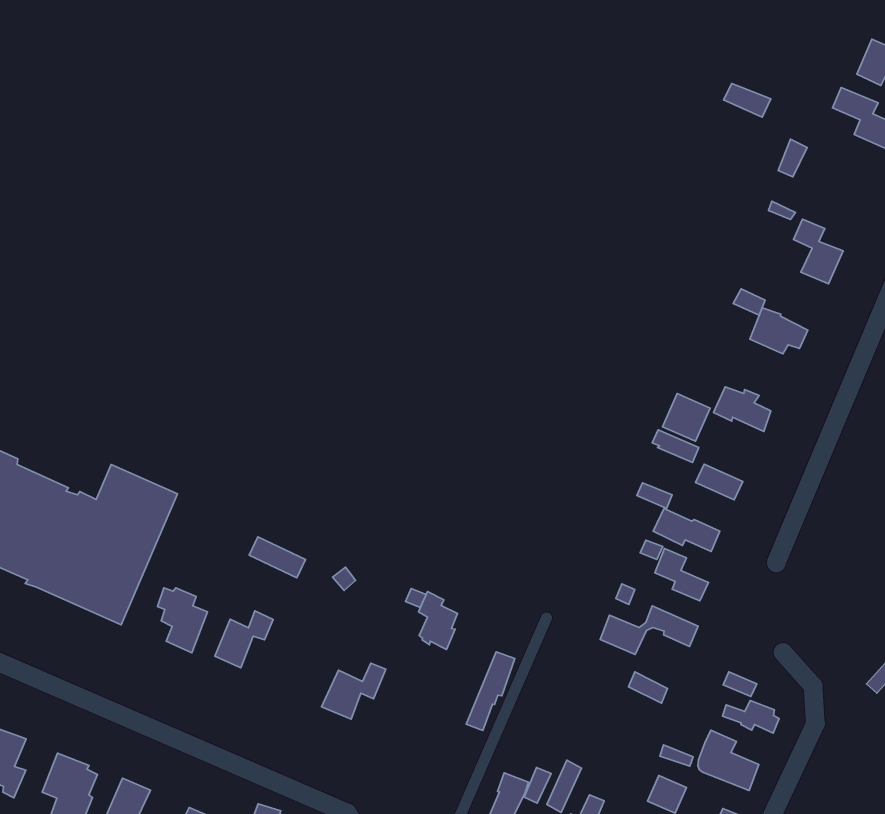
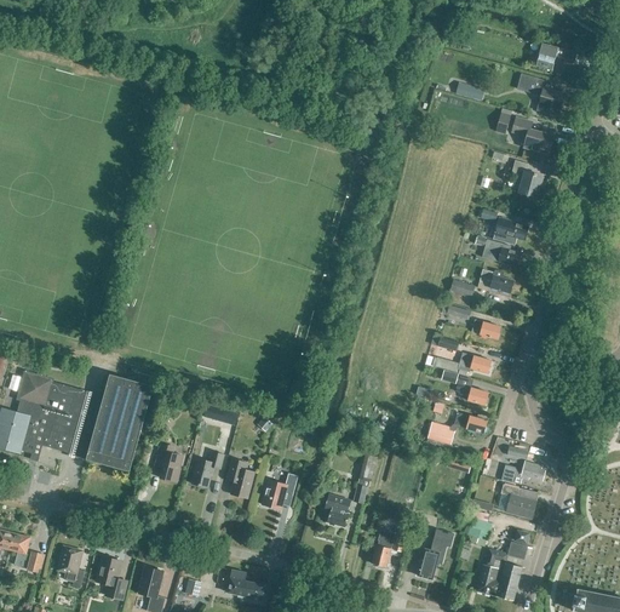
building: none -> [512,116,553,154]
building: none -> [475,235,521,267]
building: [419,592,458,649] -> [325,493,349,527]
building: none -> [226,459,254,498]

